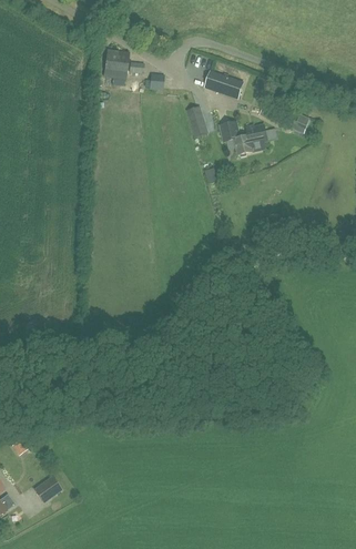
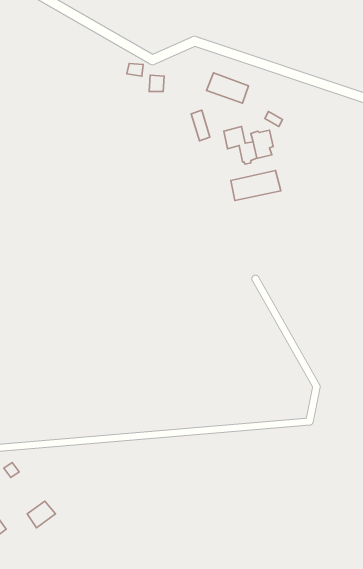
building: [103,48,130,78] -> none
building: none -> [231,171,281,201]

